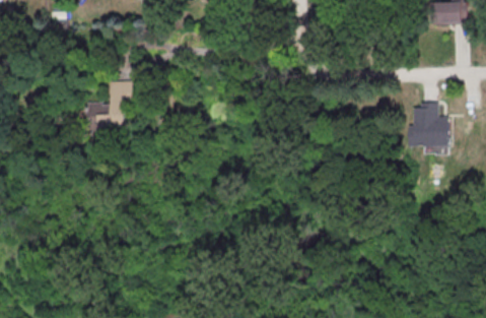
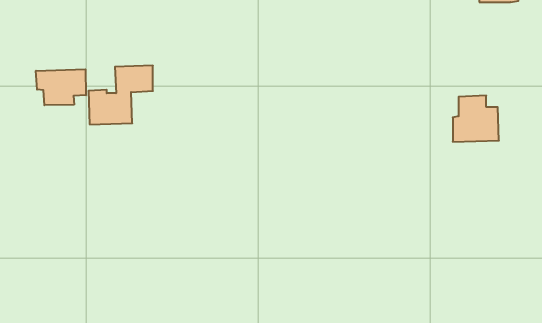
building: none -> [36,69,86,105]

